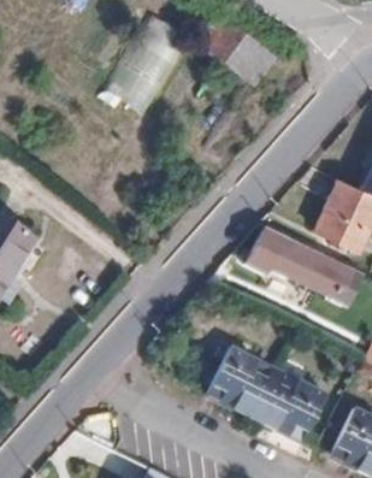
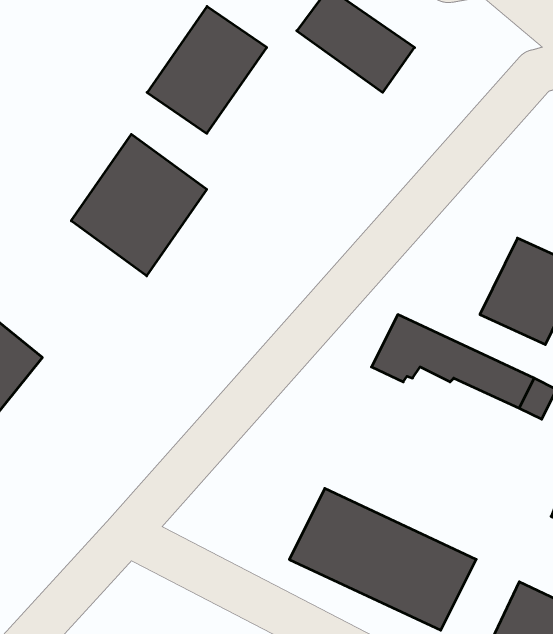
building: none -> [71,134,207,276]

